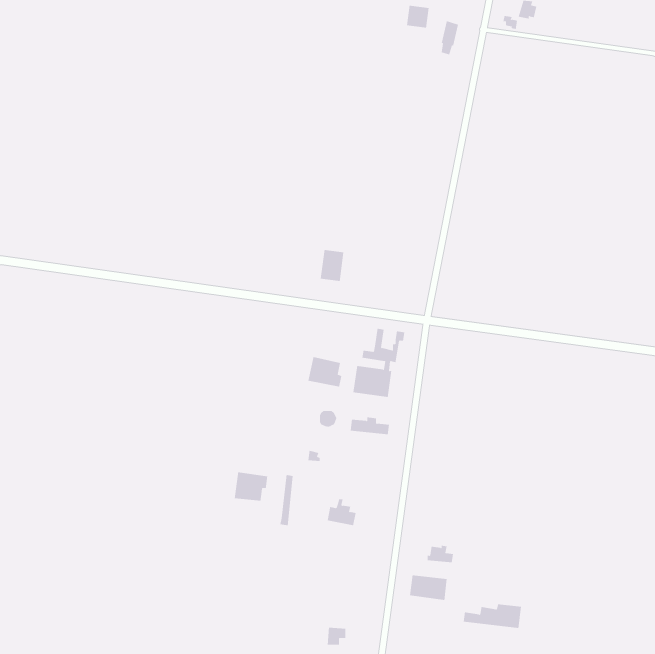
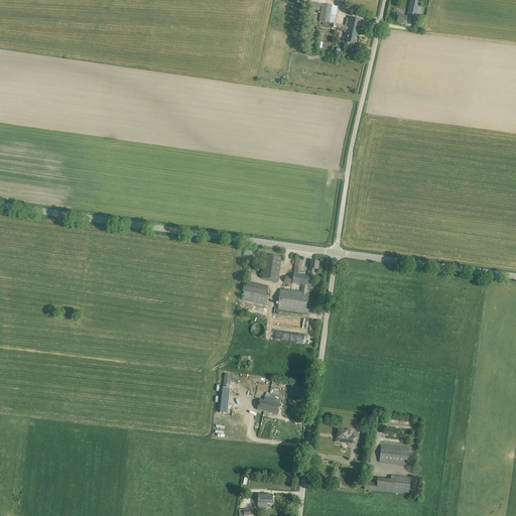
building: [320,249,344,282] -> [262,254,281,279]
building: [234,472,268,502] -> none
building: [409,575,448,601] -> [379,444,409,465]

